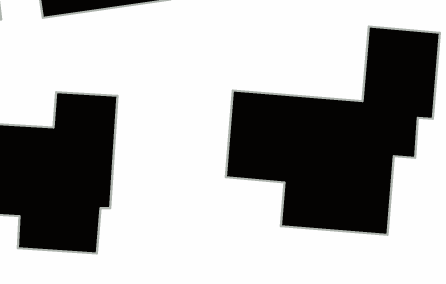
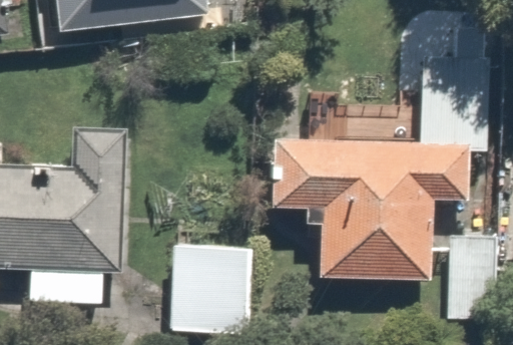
building: none -> [162,233,259,334]

